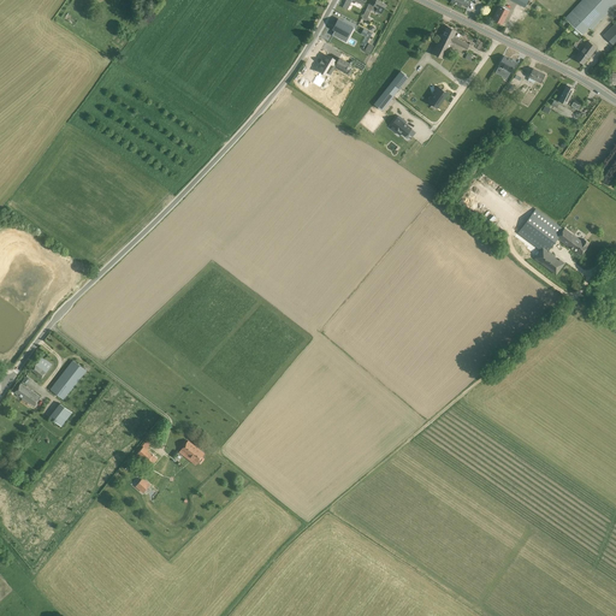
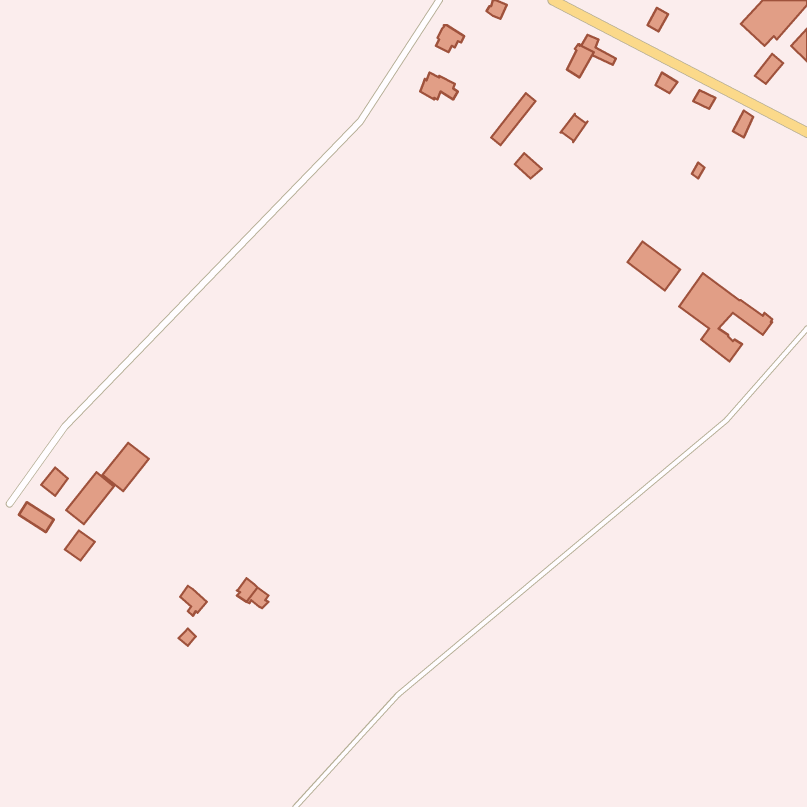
building: none -> [627,241,680,290]
building: none -> [103,443,149,491]

